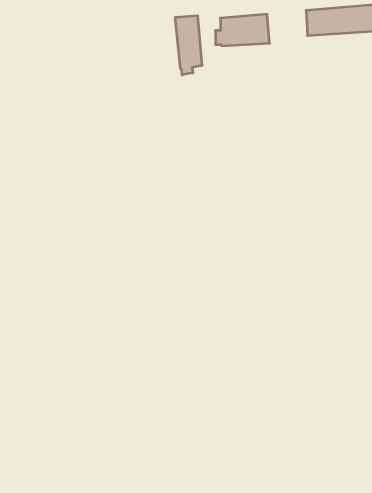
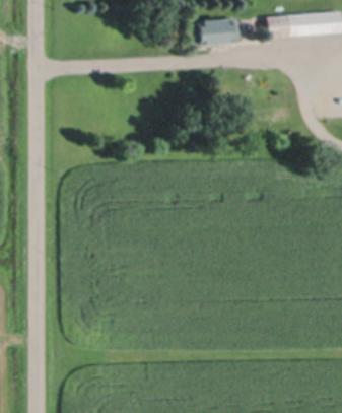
building: [175,16,202,75] -> none

